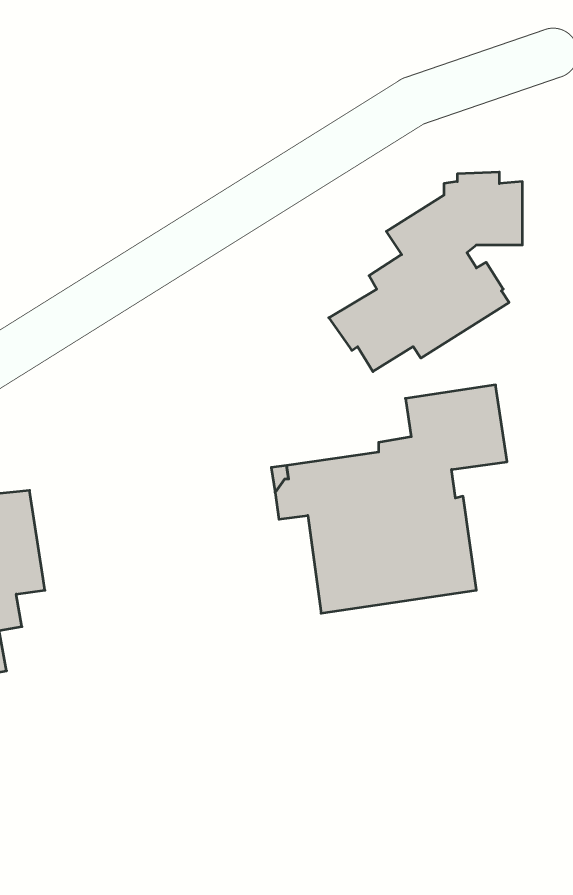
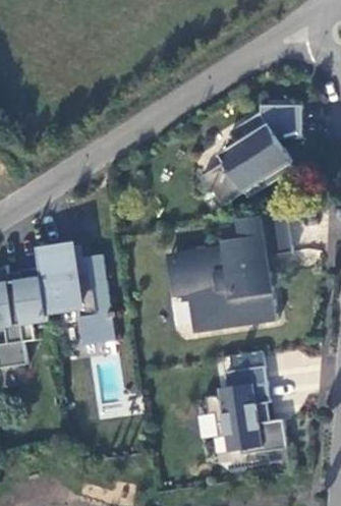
building: none -> [36,242,114,345]
building: none -> [204,364,286,454]

